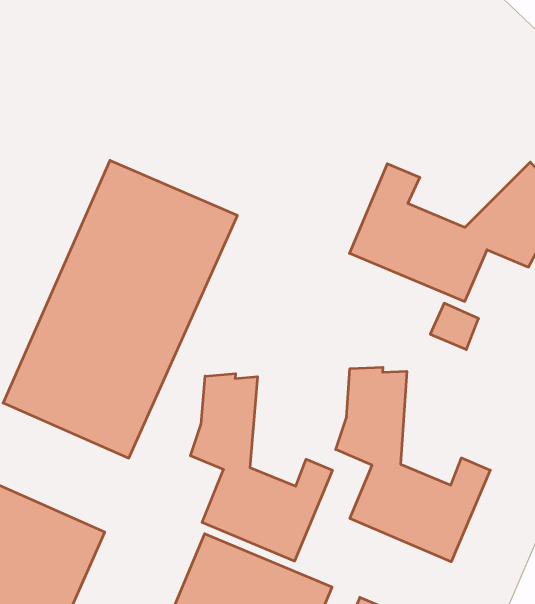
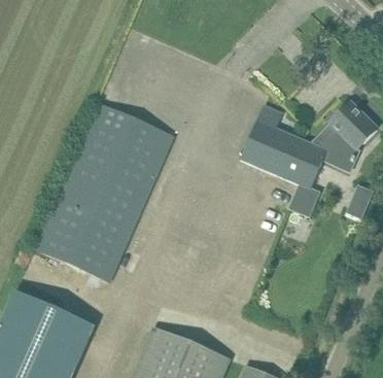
building: [336,367,490,562] -> none
building: [190,374,332,561] -> none

